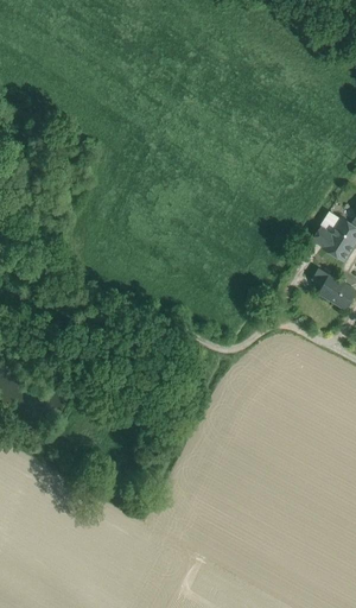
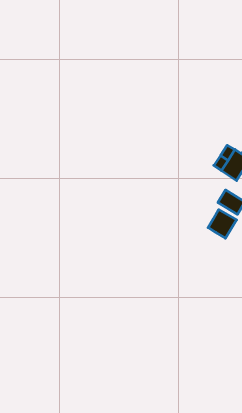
building: none -> [208,210,237,238]

